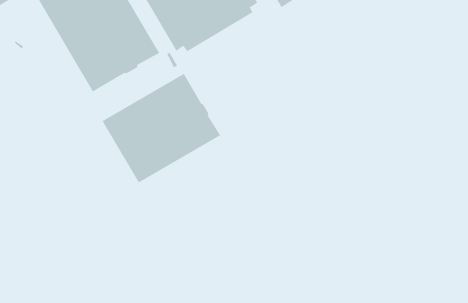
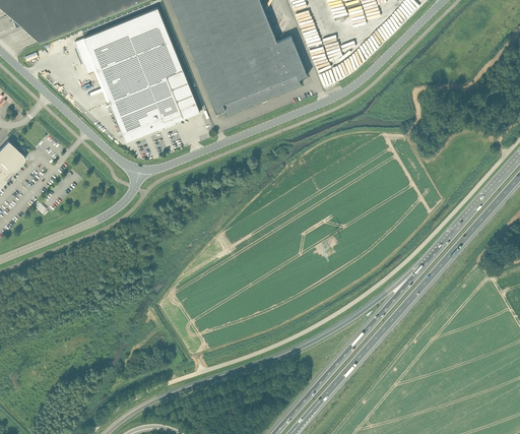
building: [102,73,221,184] -> none

